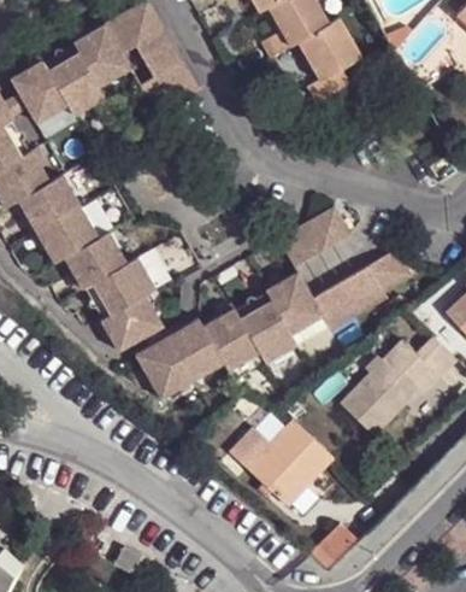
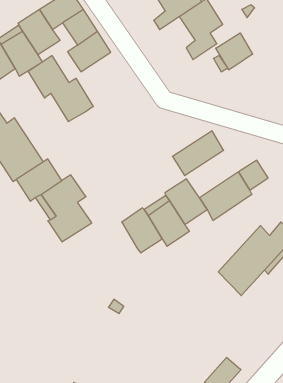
building: none -> [216,33,253,70]
building: none -> [28,56,93,122]
building: [137,317,224,398] -> none
building: [247,420,332,505] -> none

